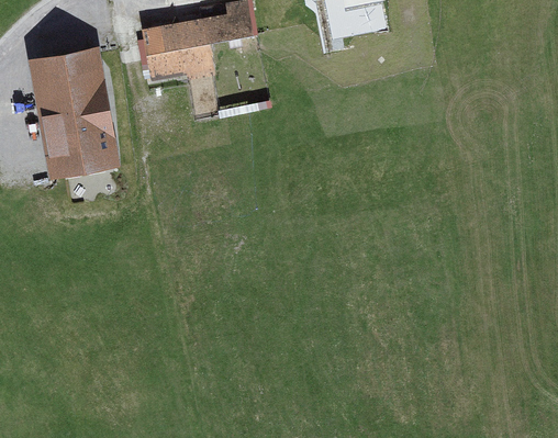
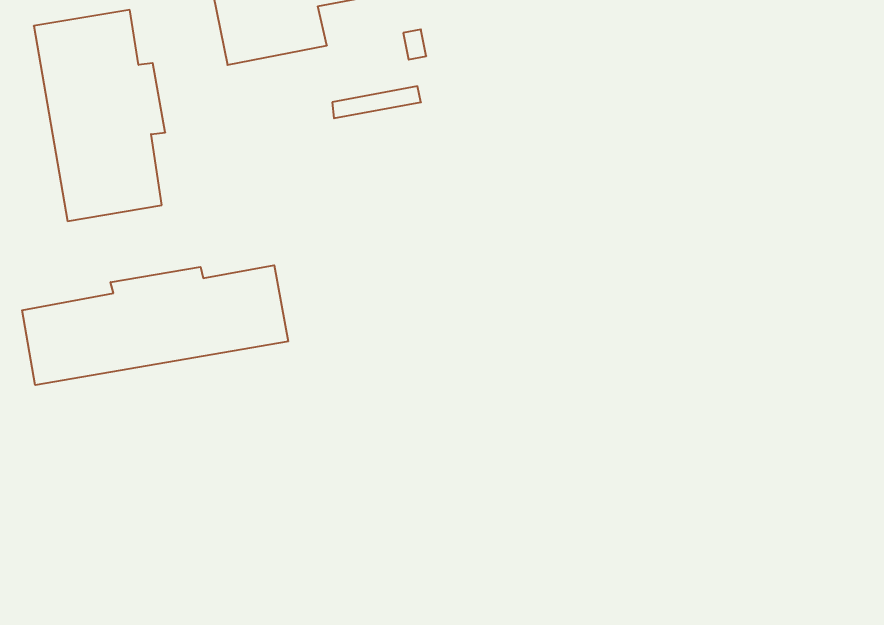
building: none -> [22,265,288,385]

